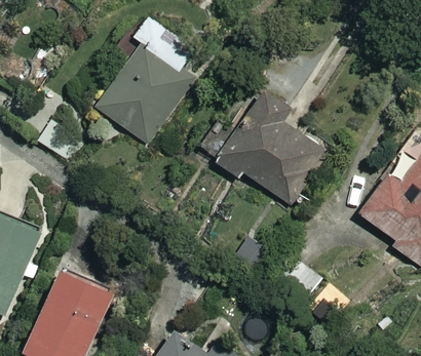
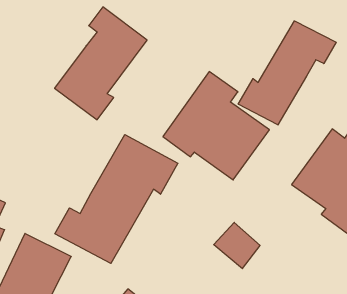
building: none -> [238,21,336,125]
building: none -> [55,135,178,263]

